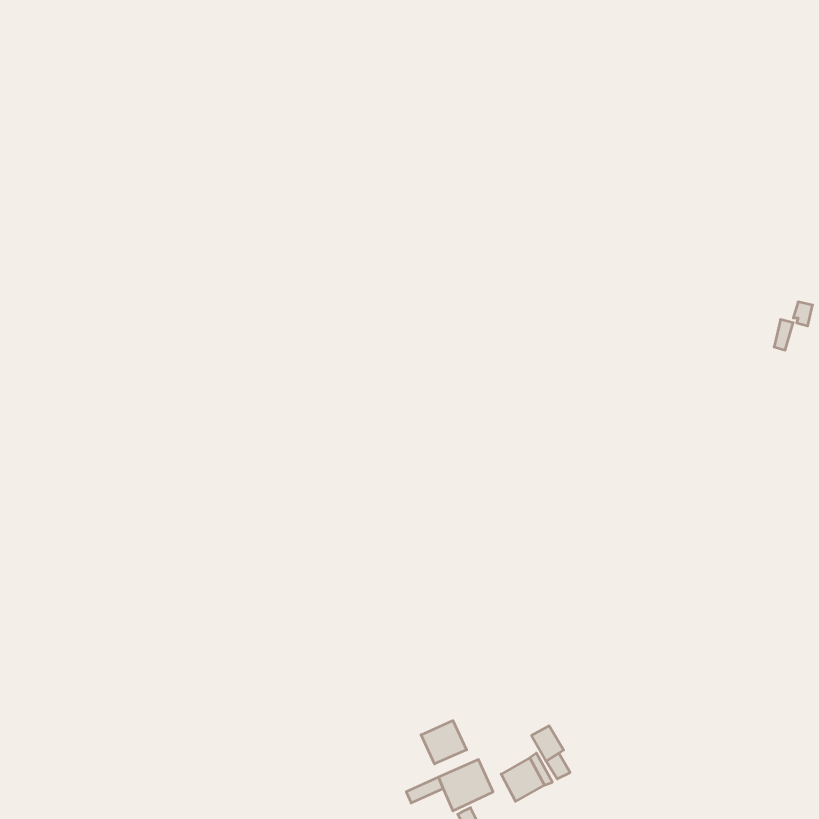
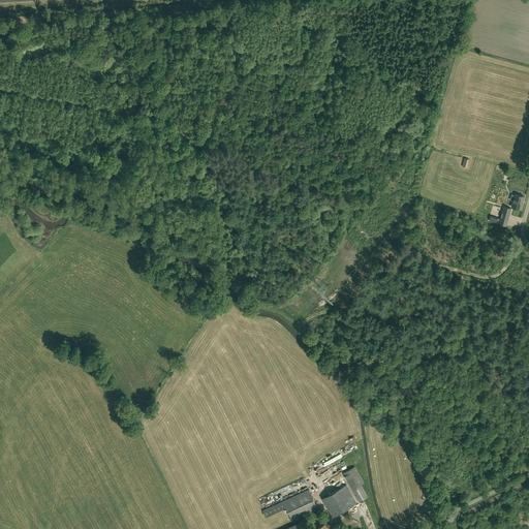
building: [421,721,467,764] -> none

